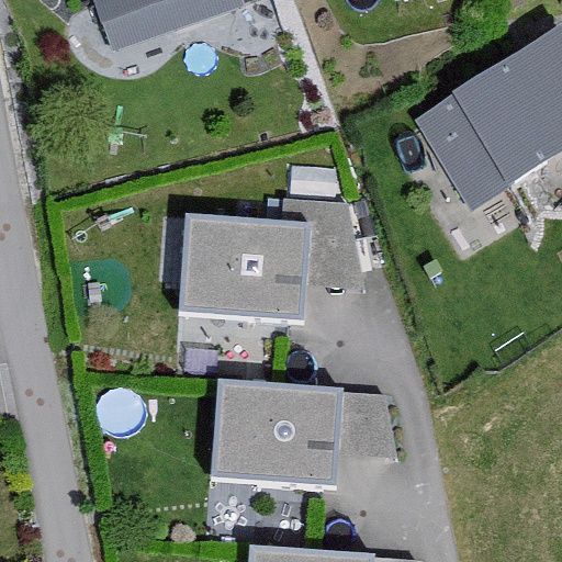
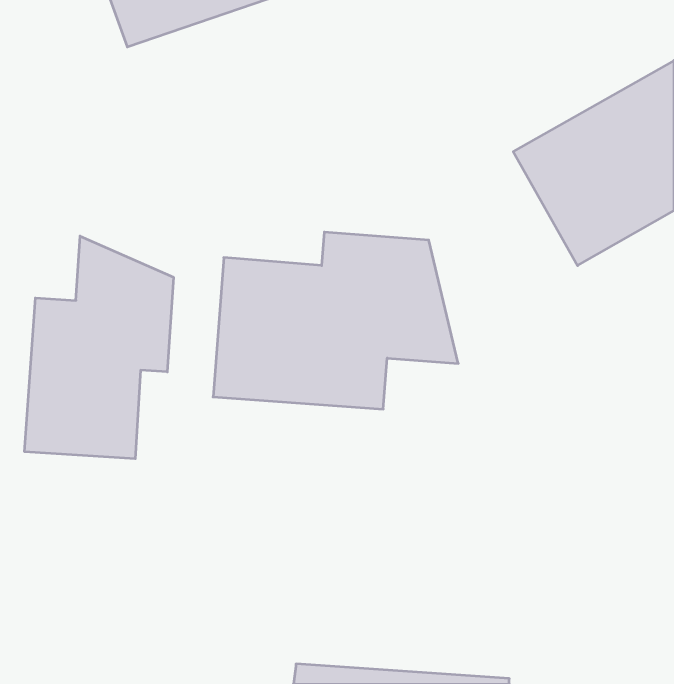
building: none -> [25,236,173,459]
building: [209,378,398,498] -> none

